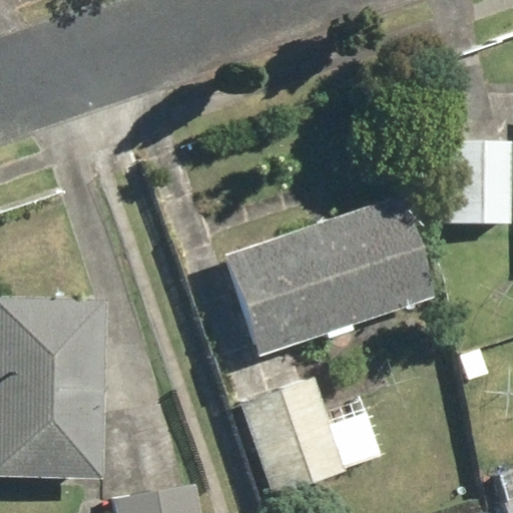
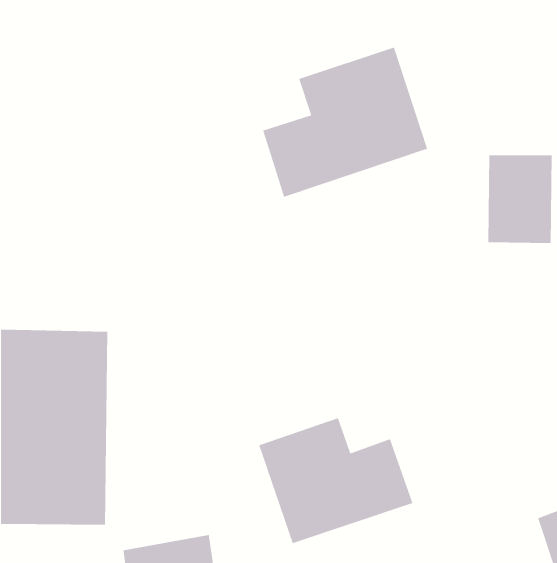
building: none -> [262,47,428,198]
building: [222,194,435,356] -> none

